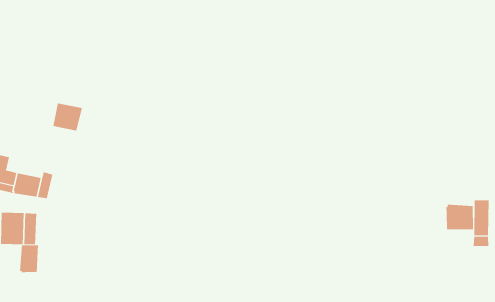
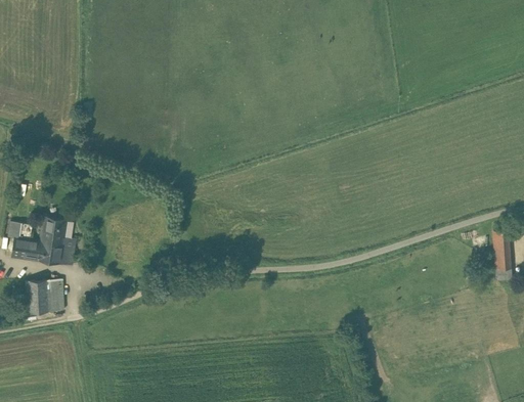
building: [52,103,83,131] -> [39,217,68,243]
building: [446,204,473,230] -> none
building: [20,245,38,273] -> none

